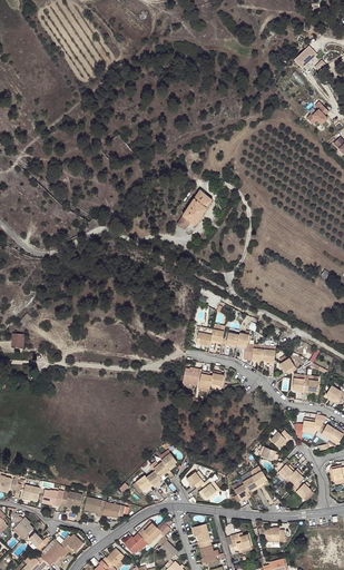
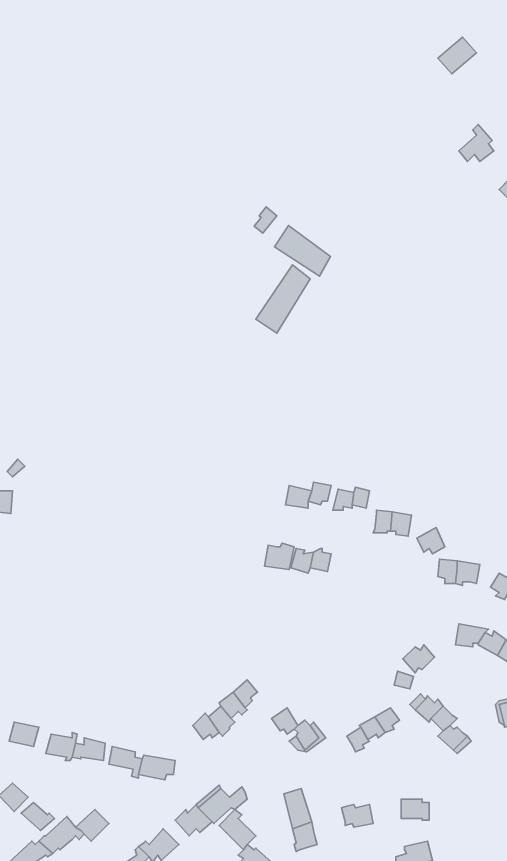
building: none -> [274,226,331,276]

